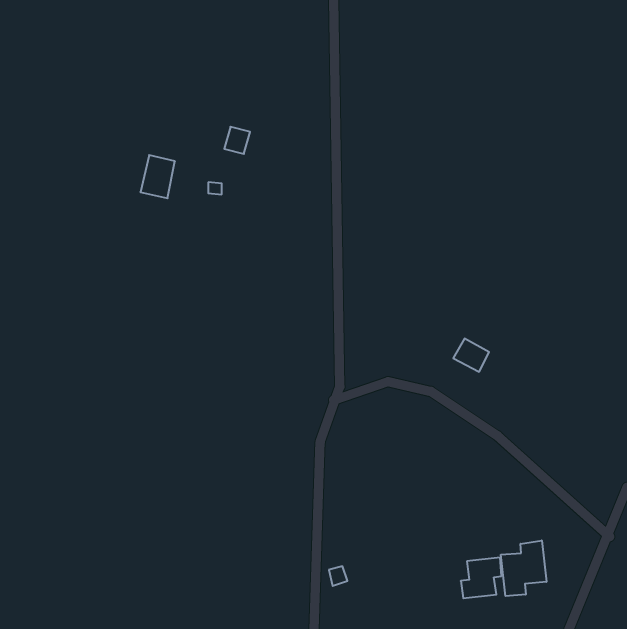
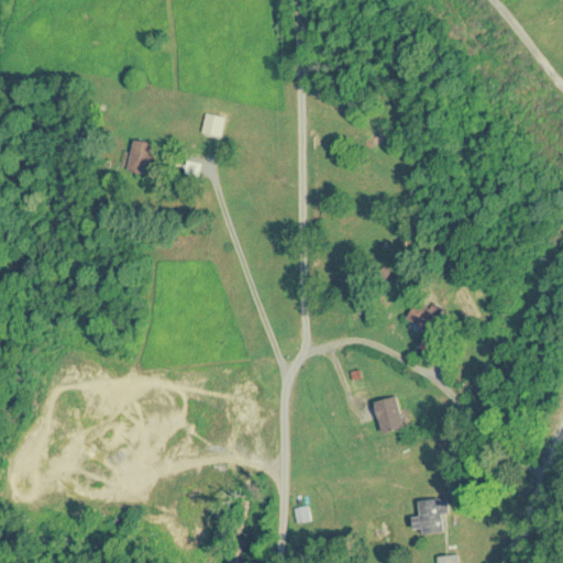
building: none -> [372,396,404,433]
building: [501,540,546,596] -> none

